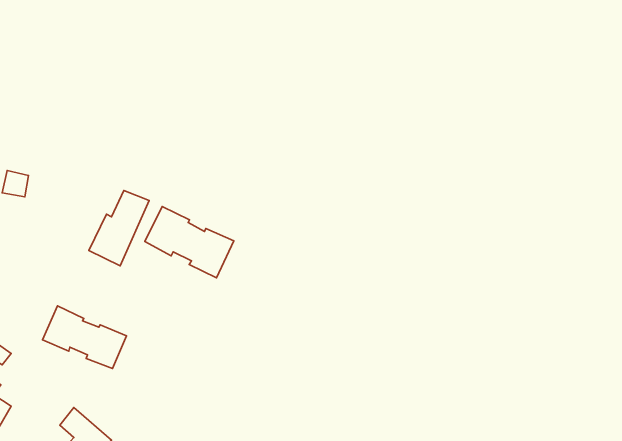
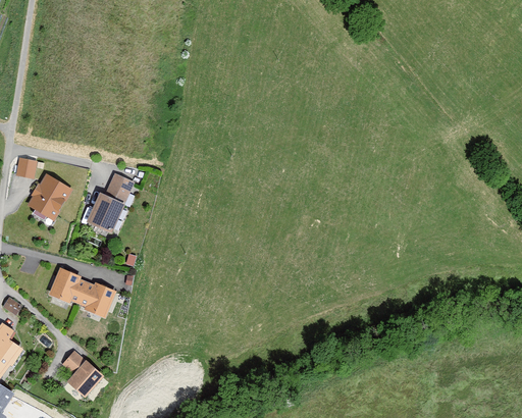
building: none -> [28,174,72,222]
building: [145,206,234,278] -> none

